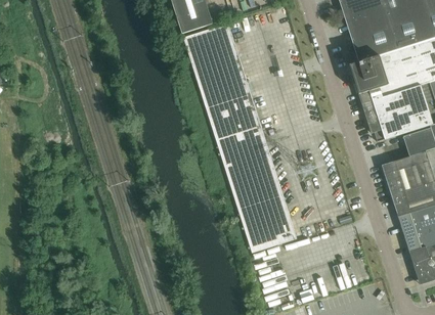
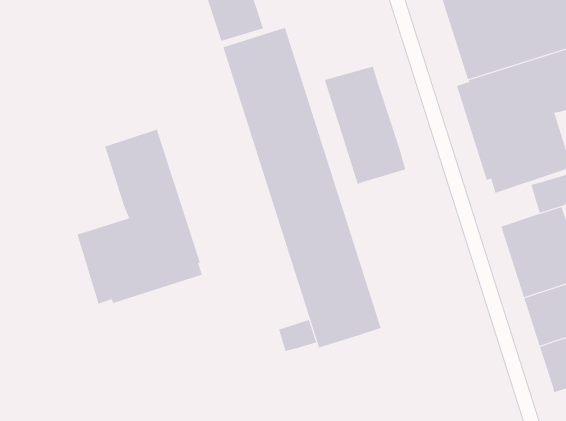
building: none -> [324,66,406,185]
building: none -> [77,129,202,304]
building: none -> [278,319,317,352]

